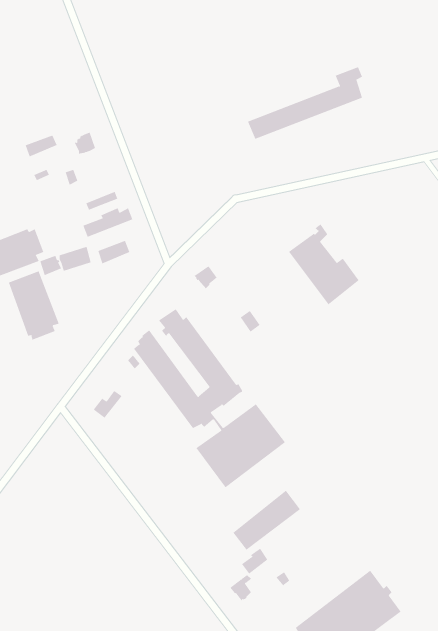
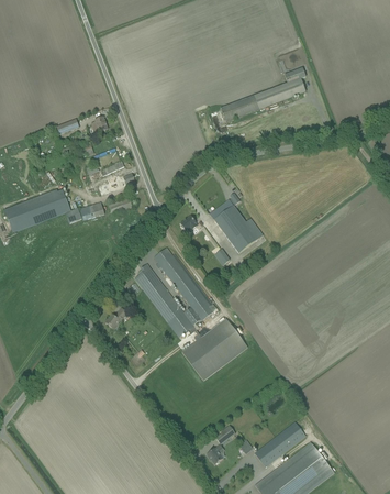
building: [288,224,359,305] -> [209,193,261,253]
building: [8,270,60,341] -> none
building: [233,490,301,551] -> [254,421,304,466]

